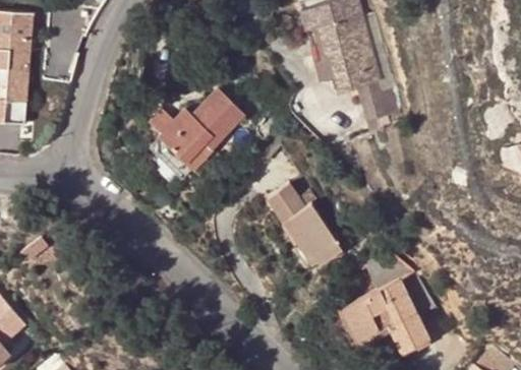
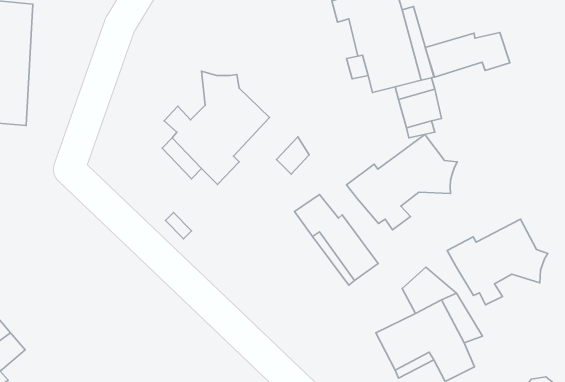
building: none -> [425,32,510,77]
building: none -> [346,134,457,230]
building: none -> [447,219,548,305]

